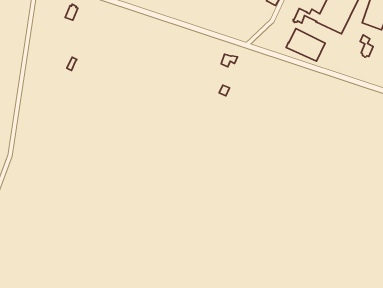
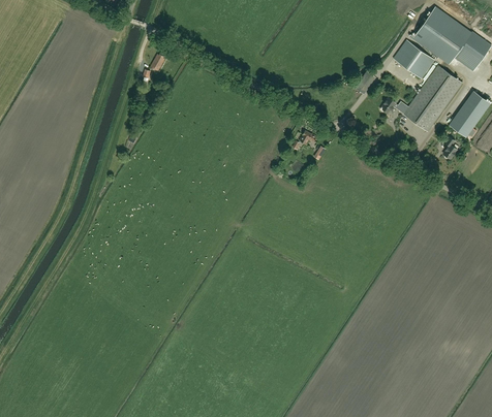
building: [286,29,325,61] -> none

